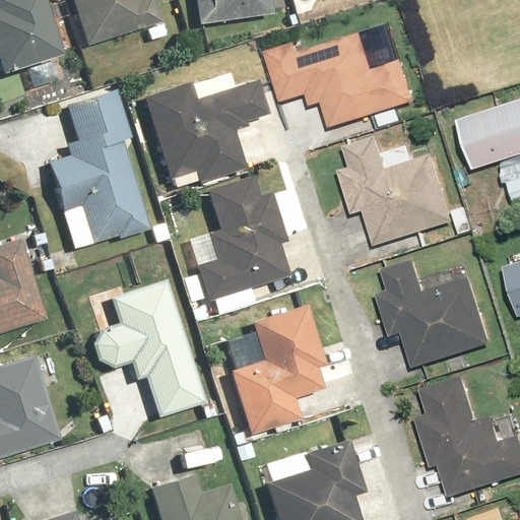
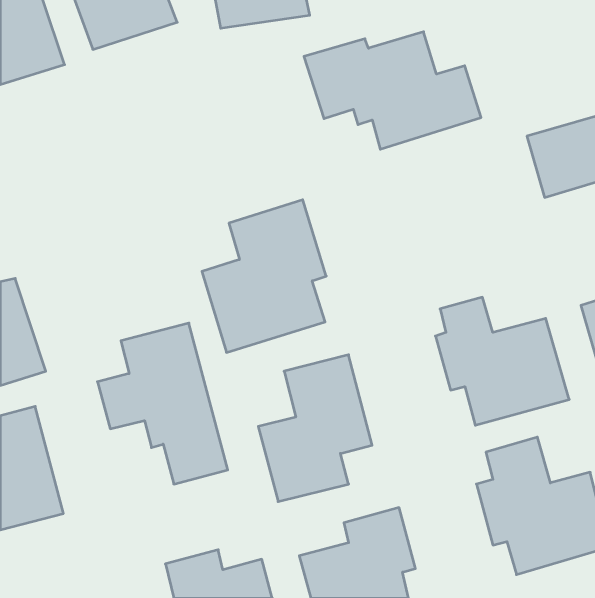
building: [138,77,269,191] -> none
building: [42,89,154,250] -> none
building: [341,133,458,245] -> none

